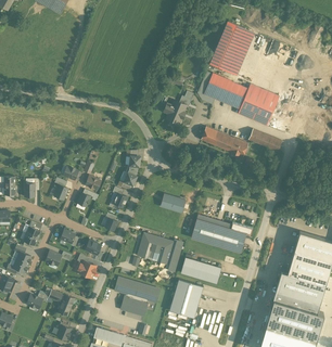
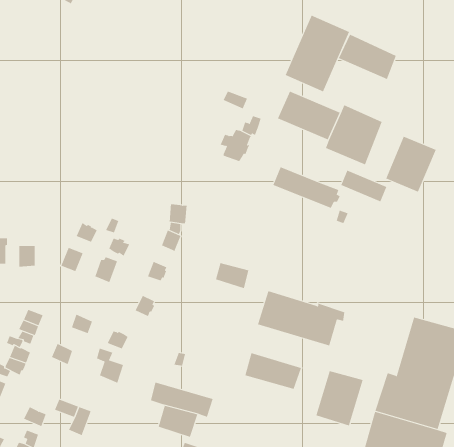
building: none -> [338,34,397,80]
building: none -> [385,136,436,192]
building: [138,233,174,264] -> none
building: [169,280,203,319] -> [315,370,363,426]

